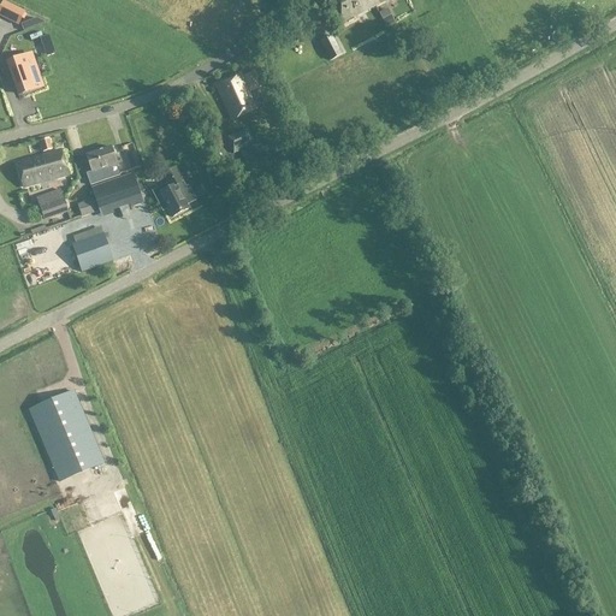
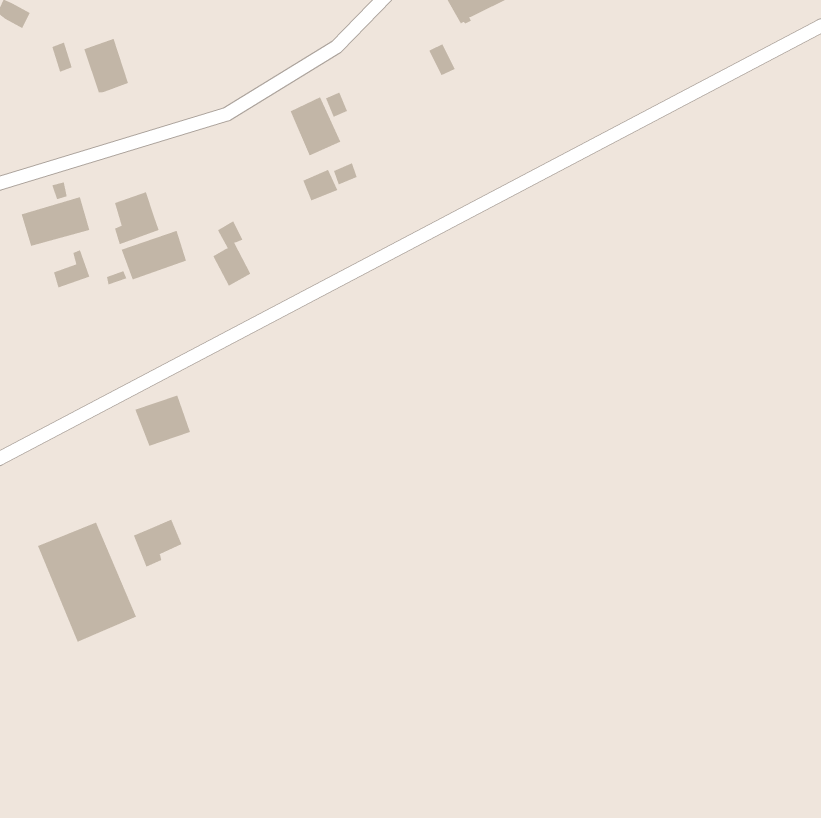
building: [7,51,41,91] -> [84,38,129,93]
building: [70,231,112,270] -> [134,395,191,447]
building: none -> [133,519,182,568]

